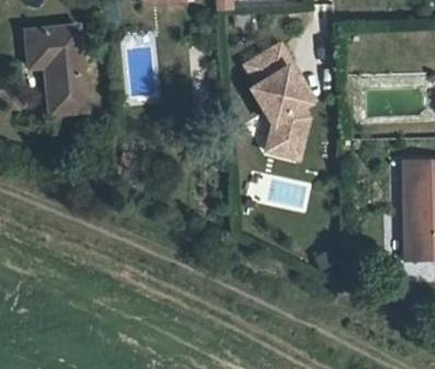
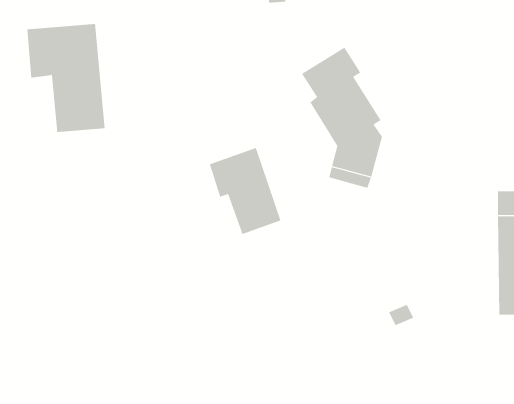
building: none -> [209,147,281,235]

